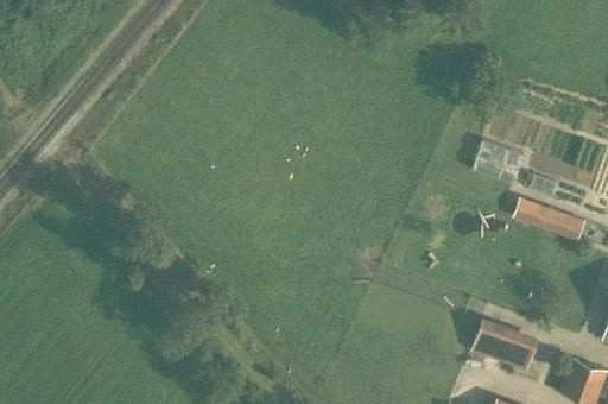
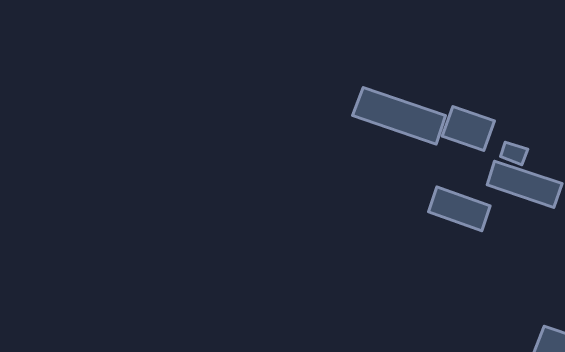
building: none -> [352,88,446,144]
building: [471,326,533,370] -> [428,187,490,231]

